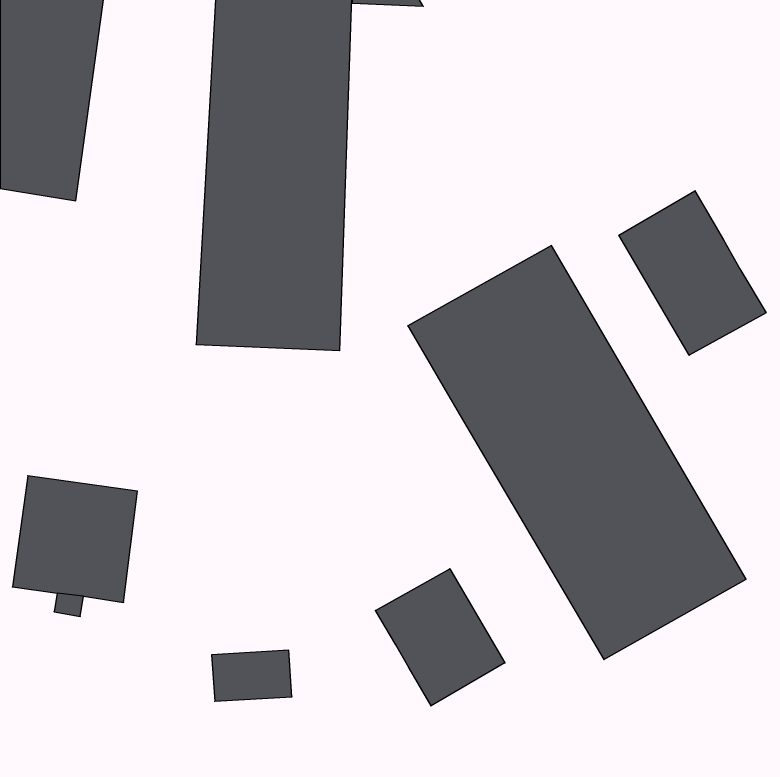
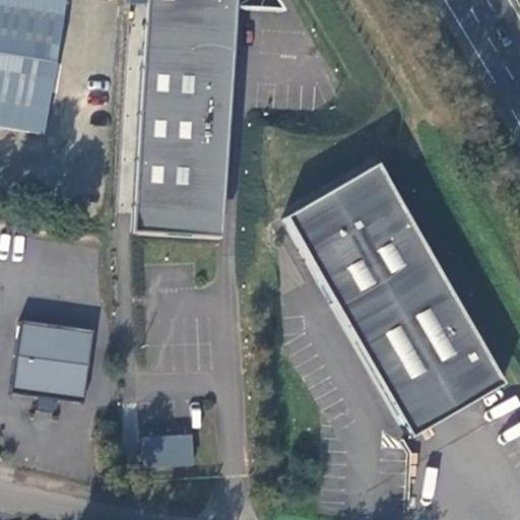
building: [619,191,766,355] -> none
building: [375,569,505,706] -> none

